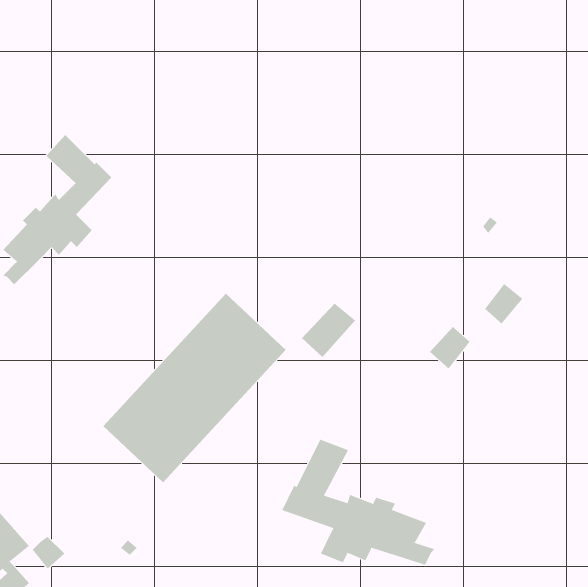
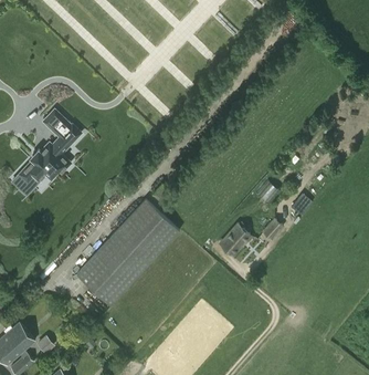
building: [301,303,356,358] -> [219,225,250,256]
building: [281,439,435,566] -> none

